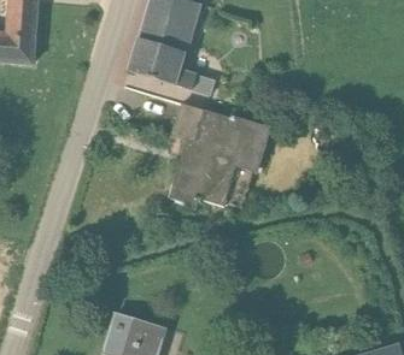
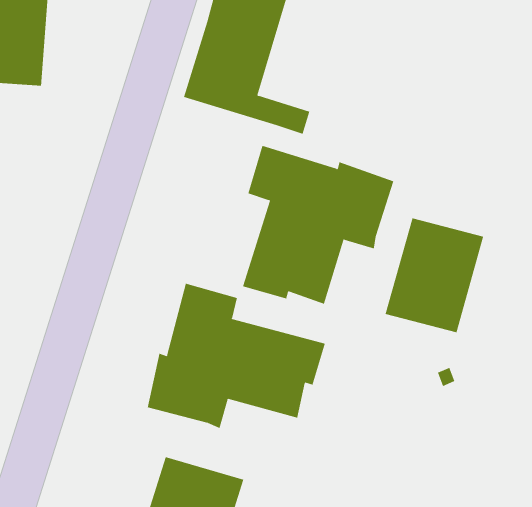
building: none -> [385,217,484,333]
building: none -> [147,283,325,429]

